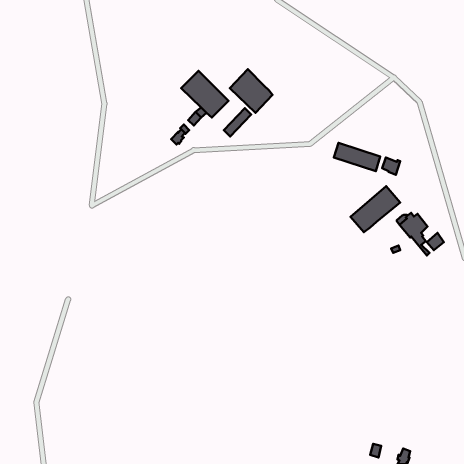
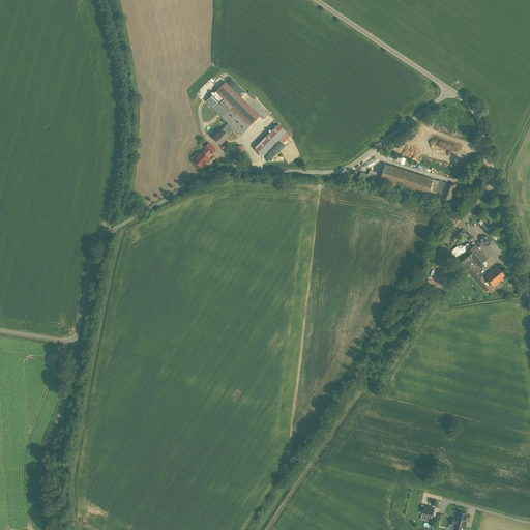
building: [230,69,273,113] -> none
building: [351,186,400,232] -> none

